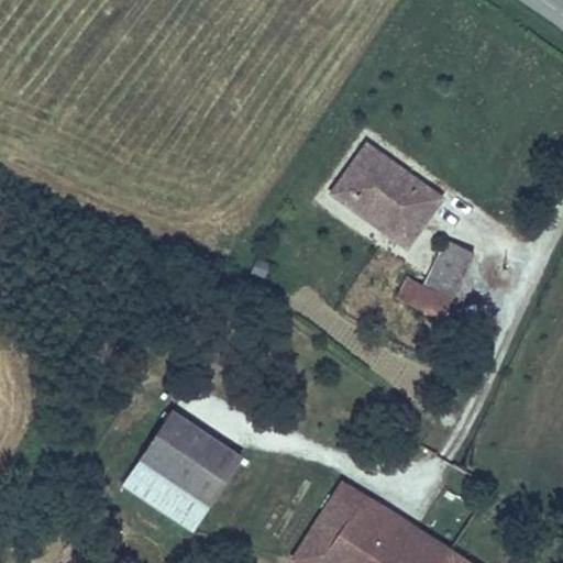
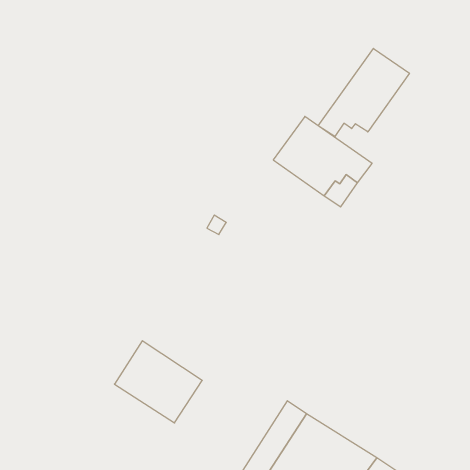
building: none -> [318,48,409,136]
building: [395,241,473,322] -> none
building: [121,460,210,533] -> none

